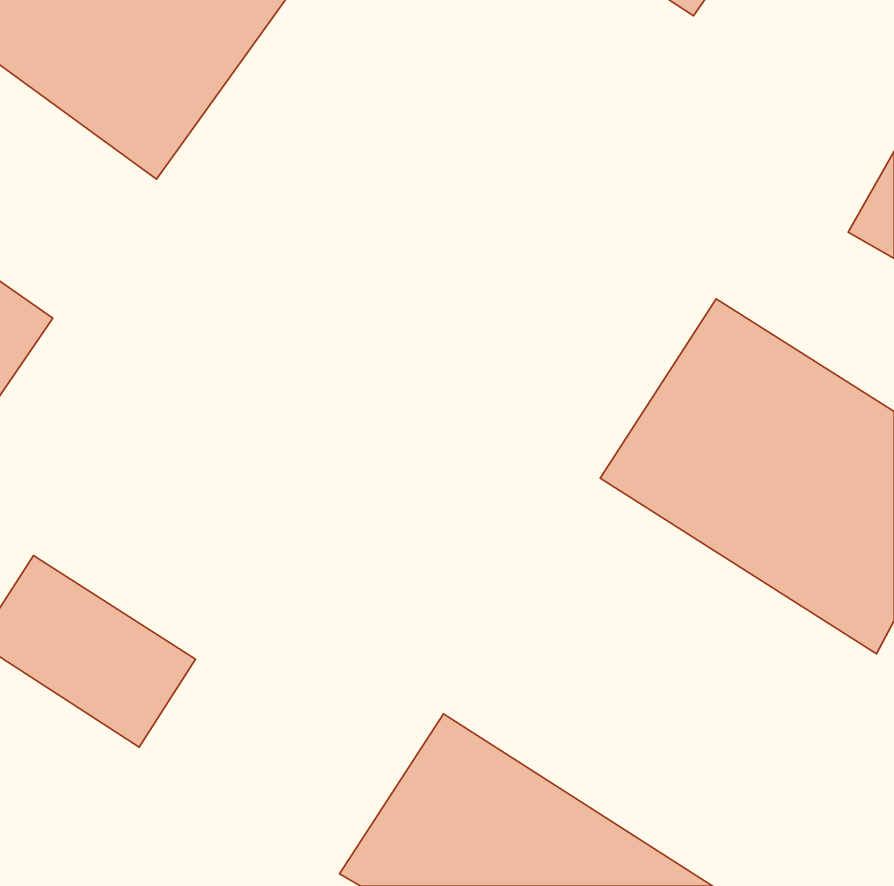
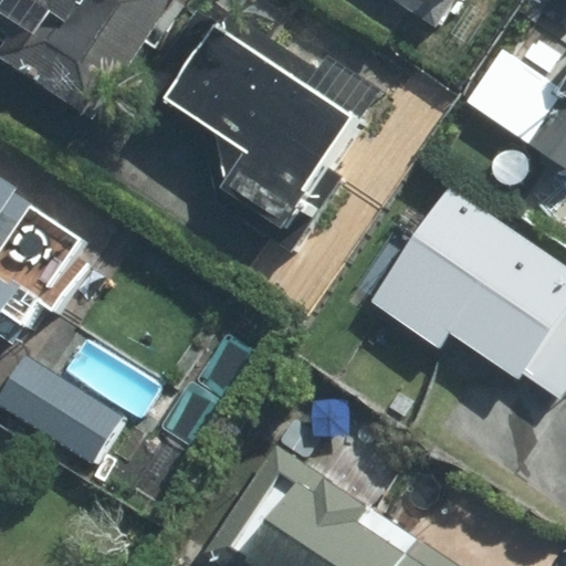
building: none -> [156,30,350,232]

